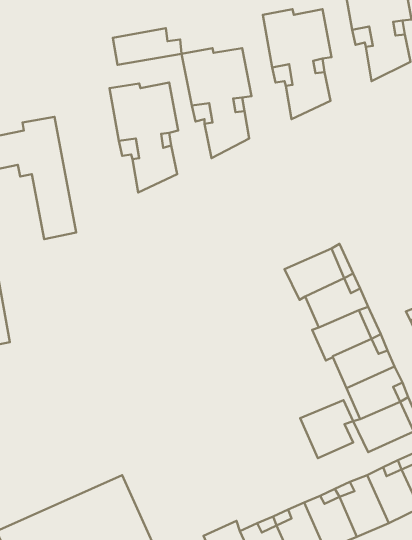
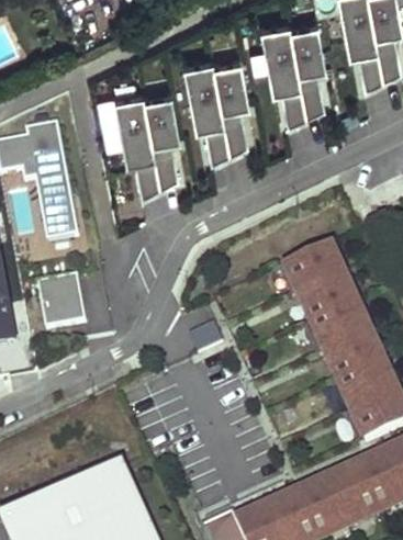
building: [113,28,182,65] -> none
building: none -> [38,273,81,326]
building: [300,400,353,458] -> none

